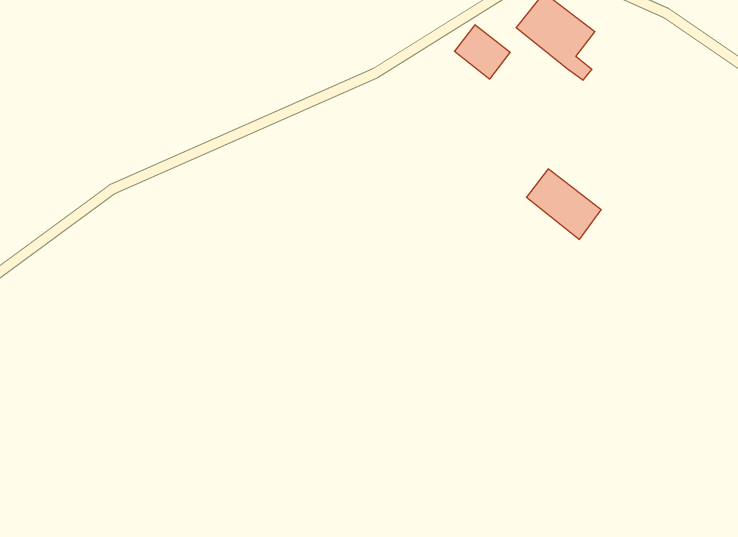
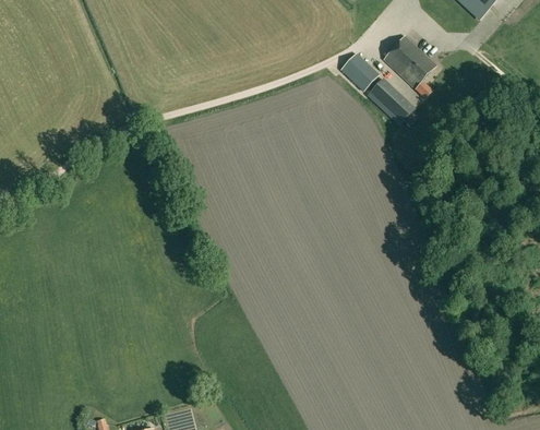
building: [526,169,601,240] -> [367,77,416,127]

